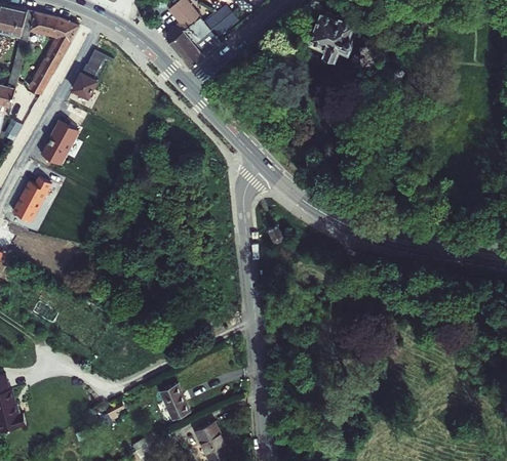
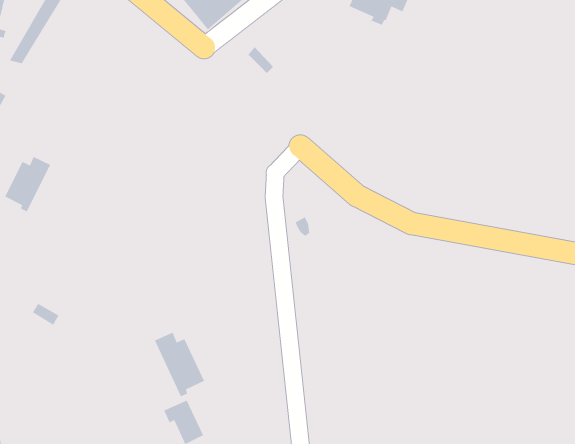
building: [75,49,109,97] -> none
building: [44,120,82,163] -> none
building: none -> [154,332,205,398]

